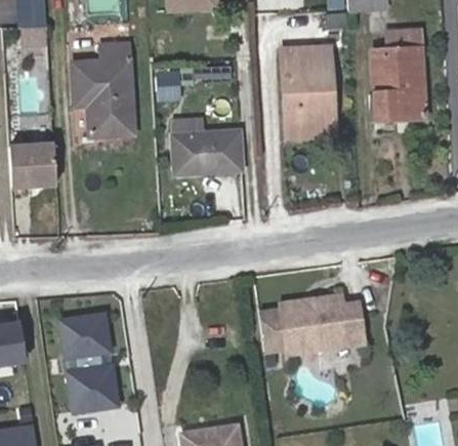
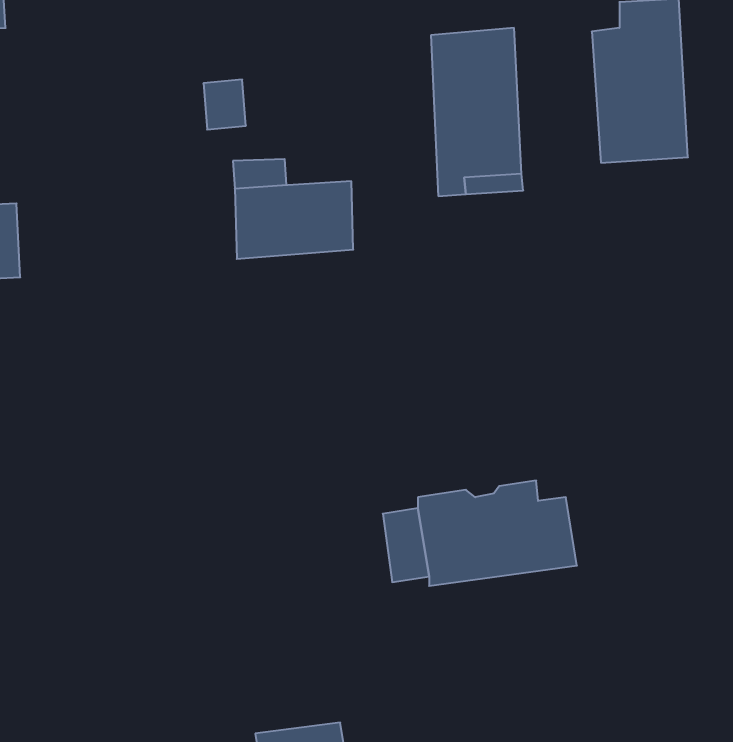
building: [73,41,133,135] -> none
building: [61,315,118,412] -> none

